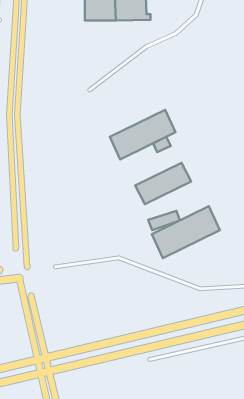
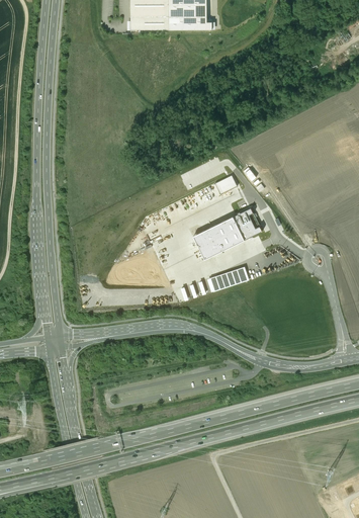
building: [110,110,175,159] -> none
building: [152,206,220,258] -> none

